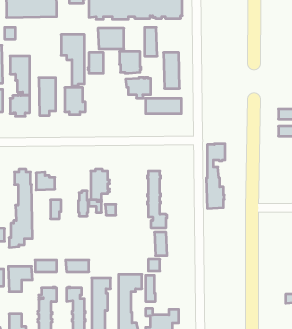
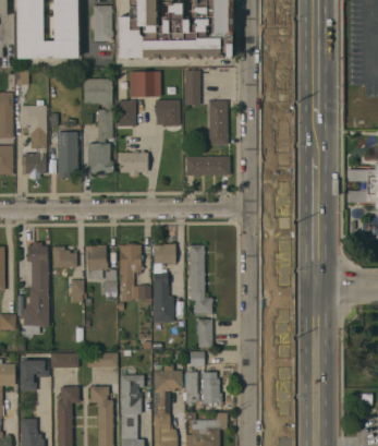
building: [126,77,151,98] -> [117,152,147,177]
building: [206,144,225,208] -> [153,244,175,323]
building: none -> [86,246,108,280]
building: none -> [200,373,222,406]

